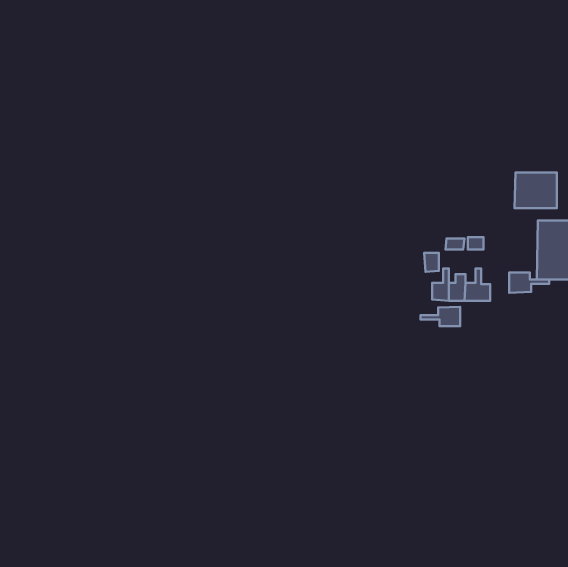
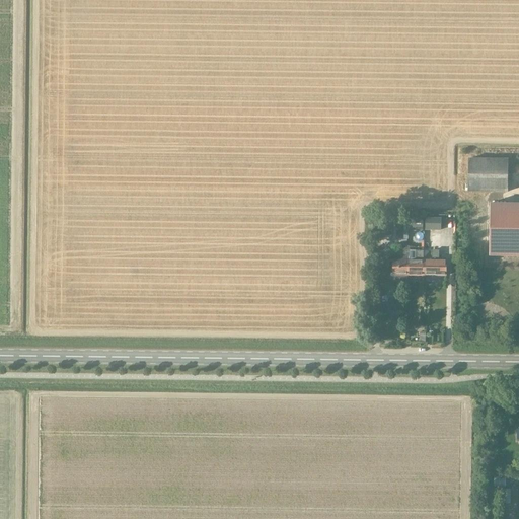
building: [509,273,549,293] -> none
building: [421,307,460,326] -> none

